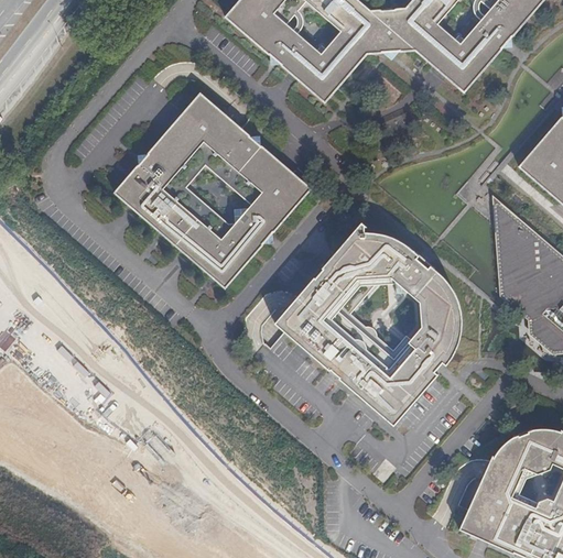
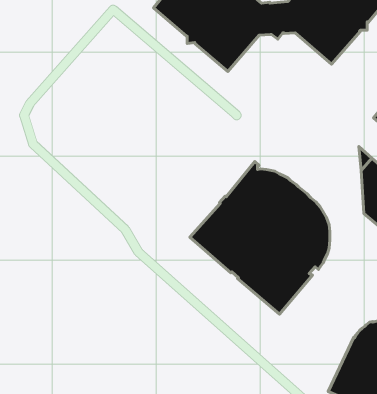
building: [113,92,310,287] -> none

